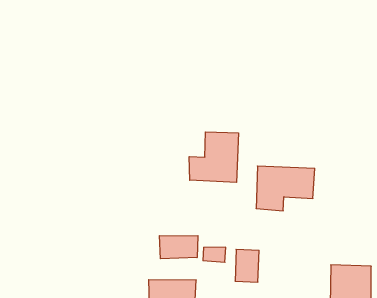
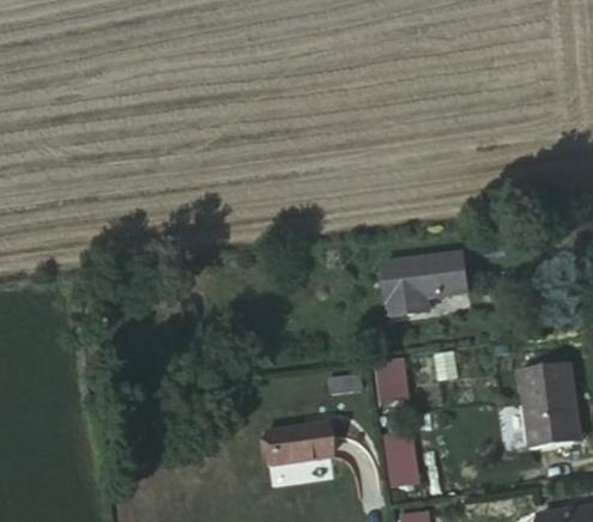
building: [189,132,238,182] -> none
building: [160,236,198,259] -> none

